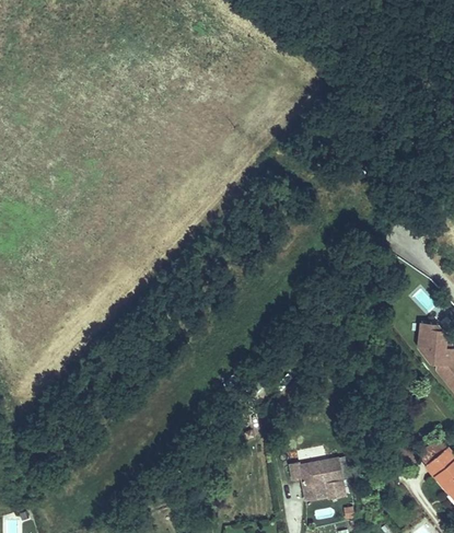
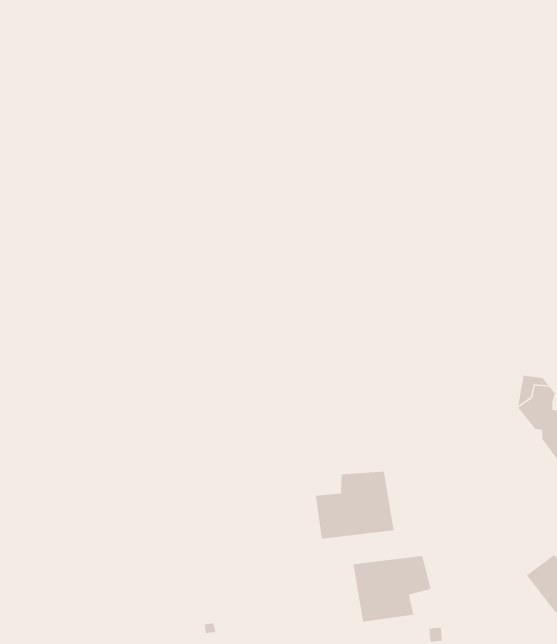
building: none -> [315,471,394,539]

